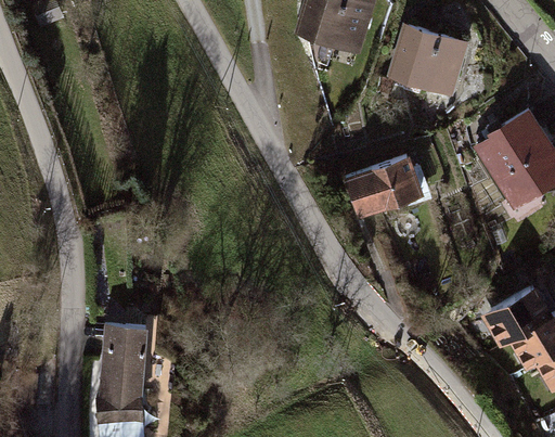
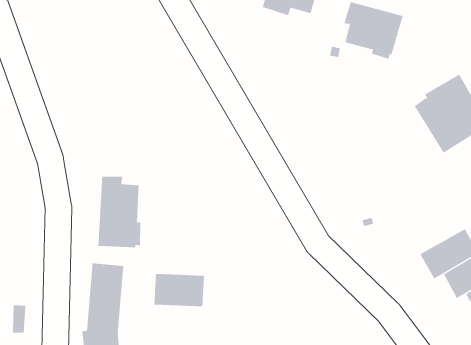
building: [350,157,422,216] -> none
building: none -> [98,176,141,248]
building: none -> [154,273,205,307]

